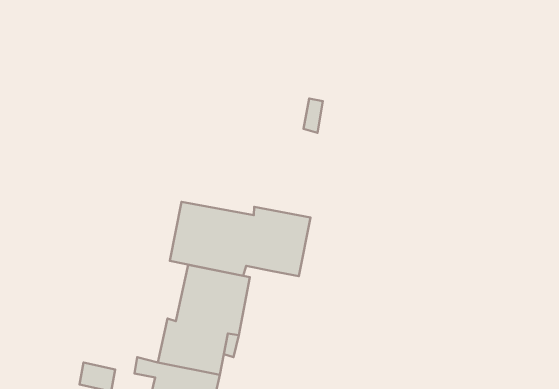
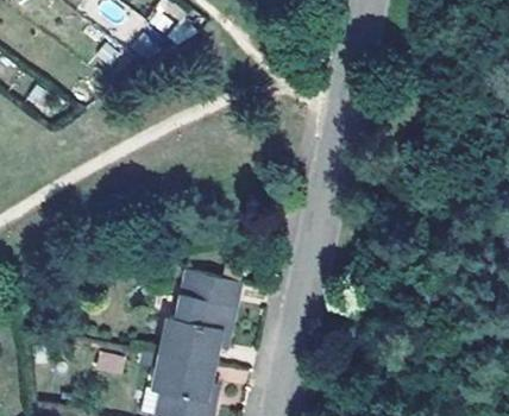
building: [170,202,311,276] -> none

